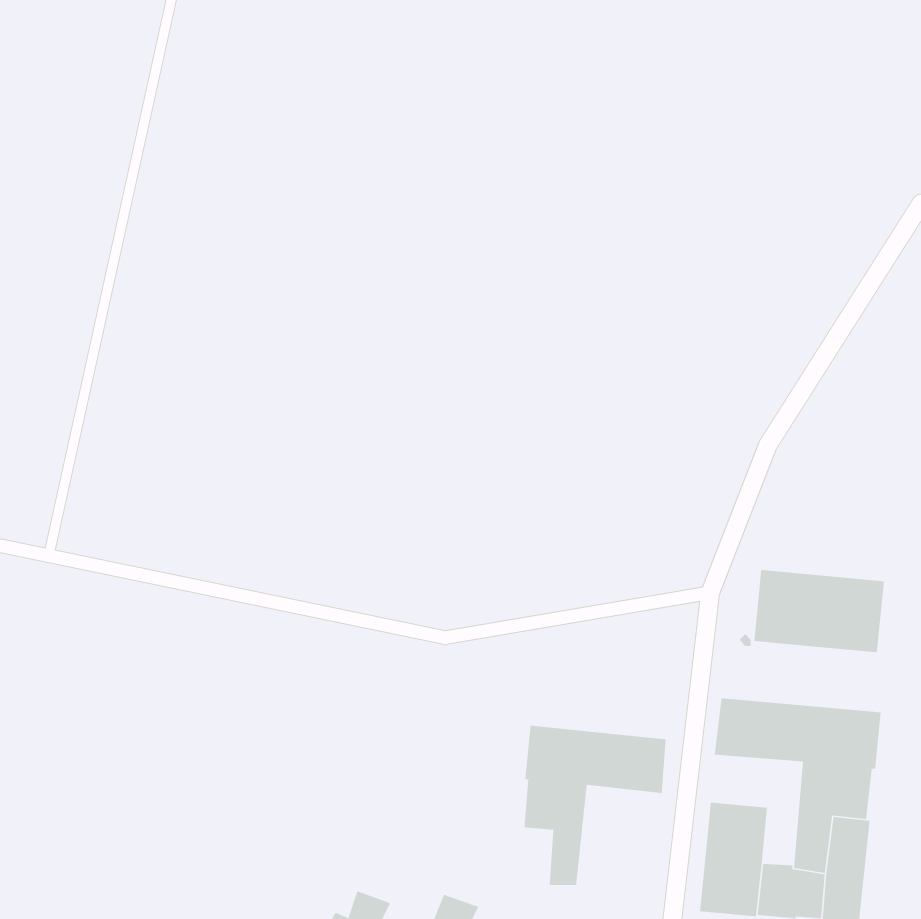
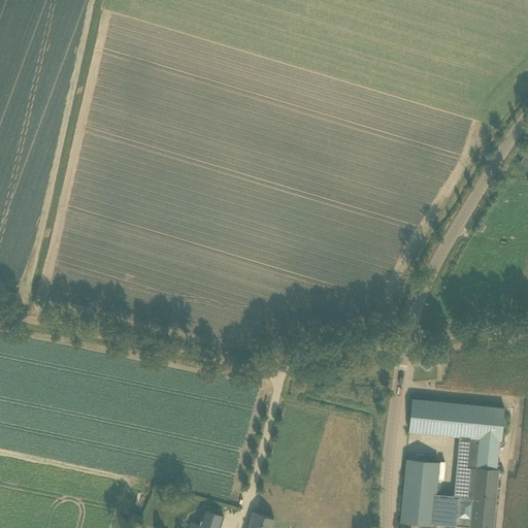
building: [753,569,885,653] -> none
building: [523,725,667,886] -> none

